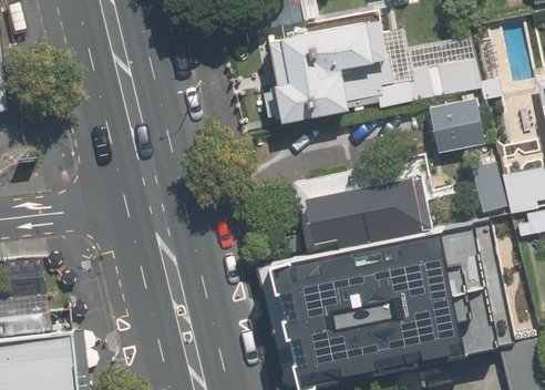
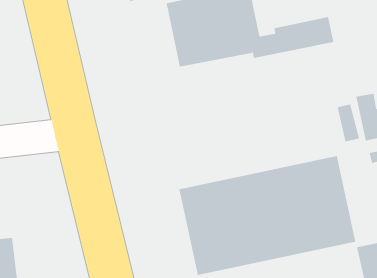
building: [431,103,487,157] -> none
building: [286,157,436,259] -> none

